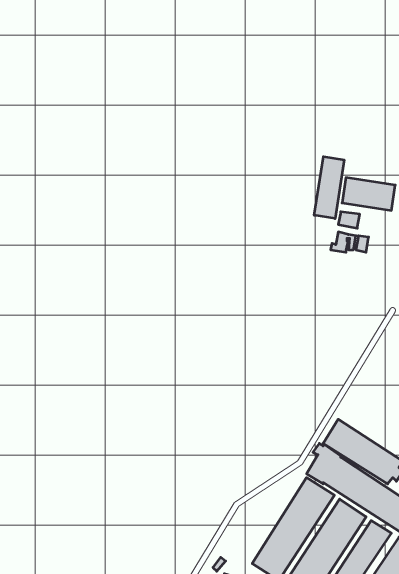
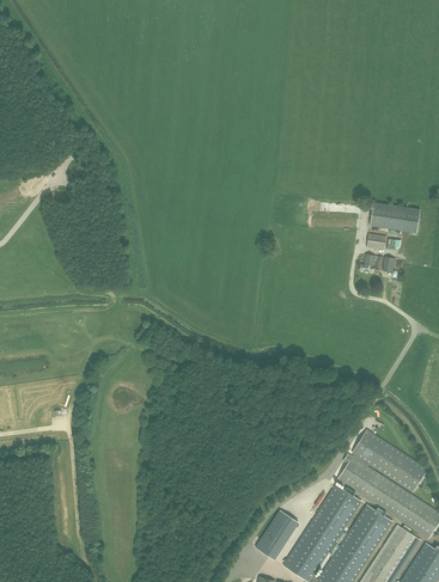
building: [314,157,344,219] -> none
building: none -> [255,509,298,558]

